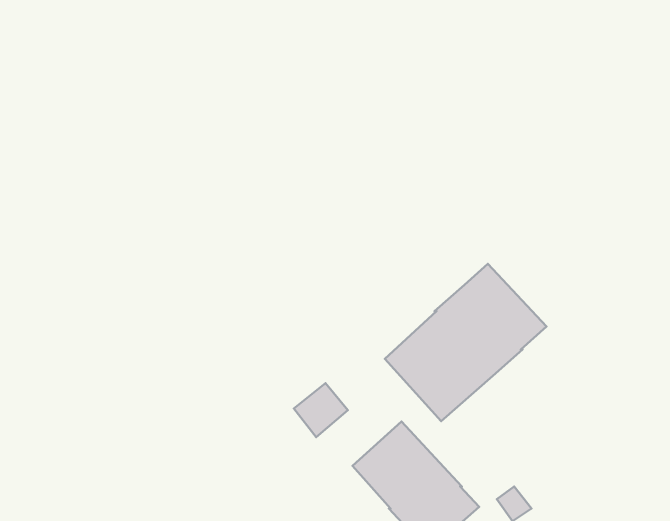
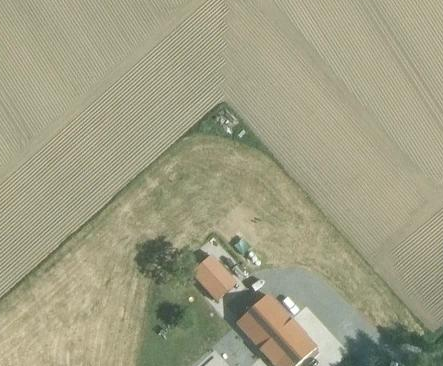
building: [385,264,546,421] -> none

